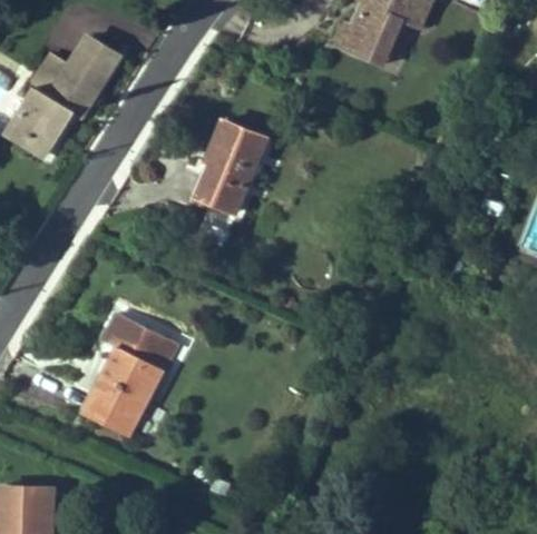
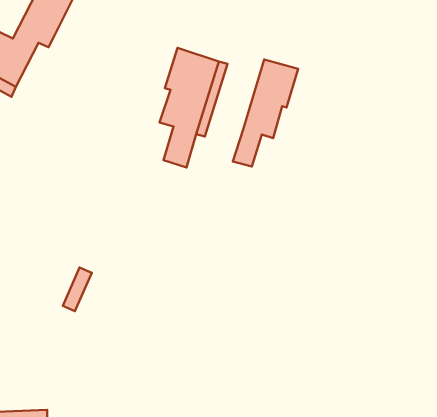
building: none -> [233,59,298,167]
building: [85,312,175,435] -> none

